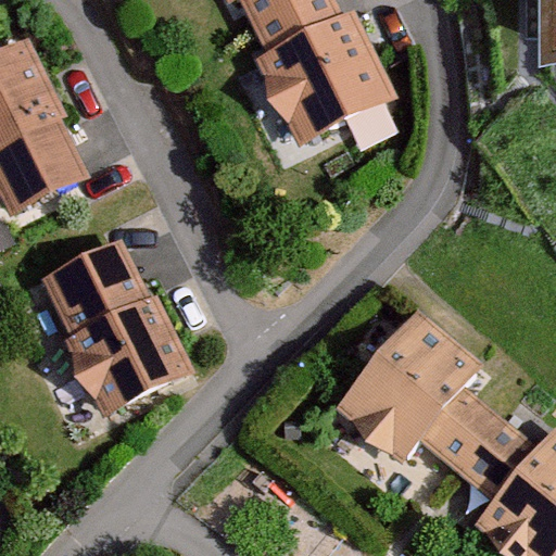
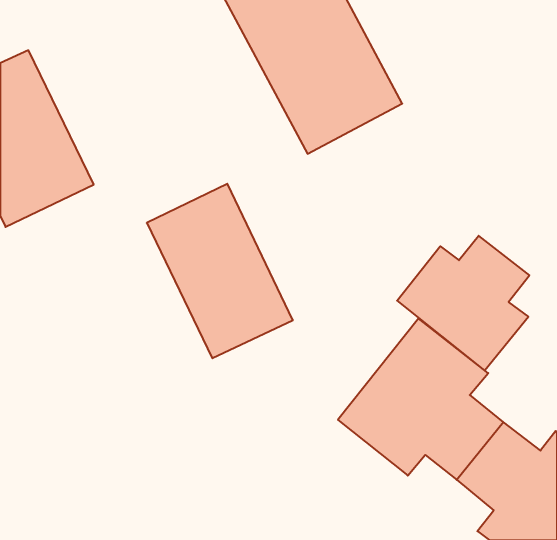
building: none -> [397,236,529,370]
building: [38,248,184,421] -> [147,184,293,358]

